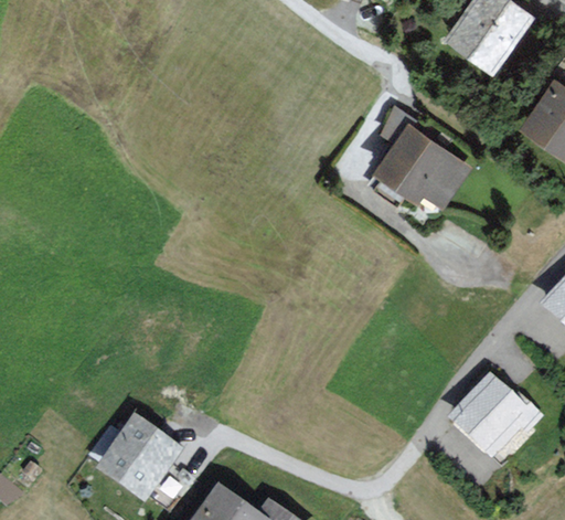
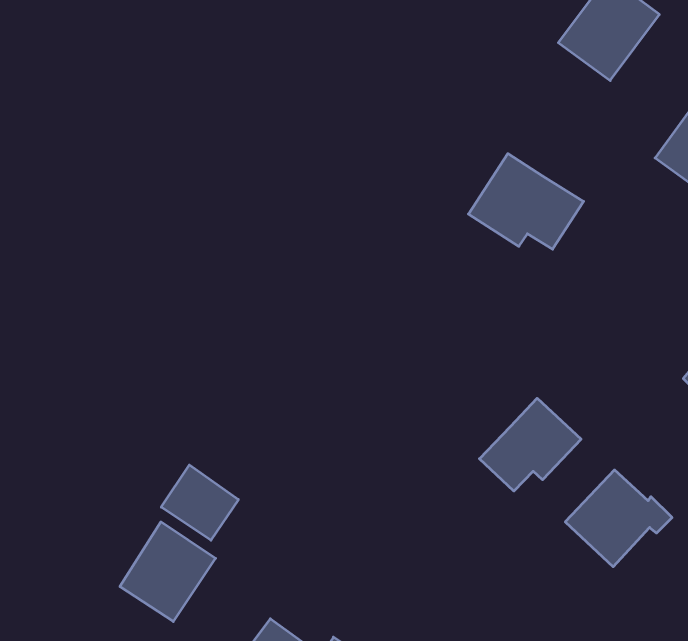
building: none -> [479,398,581,491]
building: none -> [161,465,238,540]

